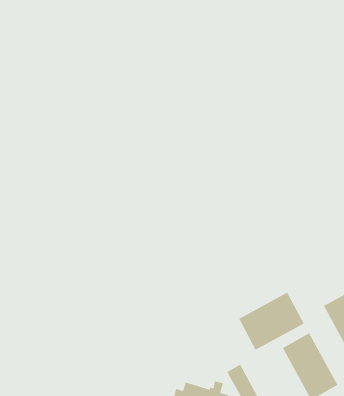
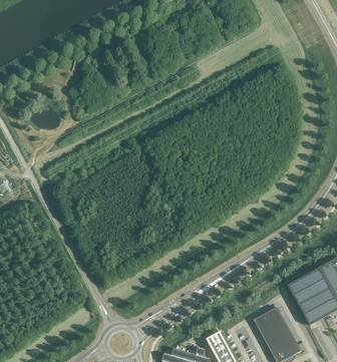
building: [238,291,305,351] -> none

